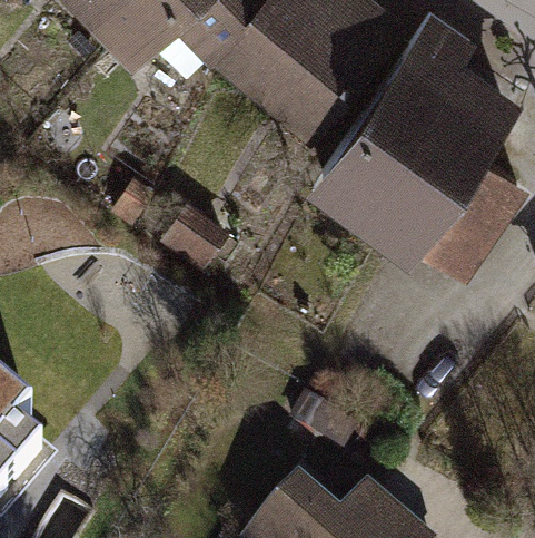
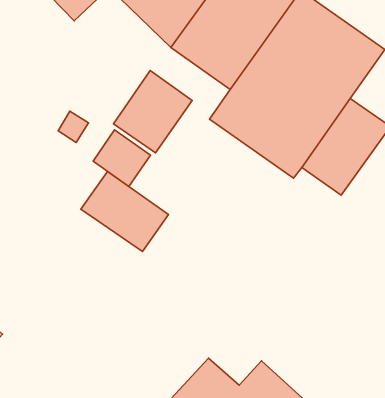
building: none -> [114,71,192,153]
building: none -> [81,171,169,252]

